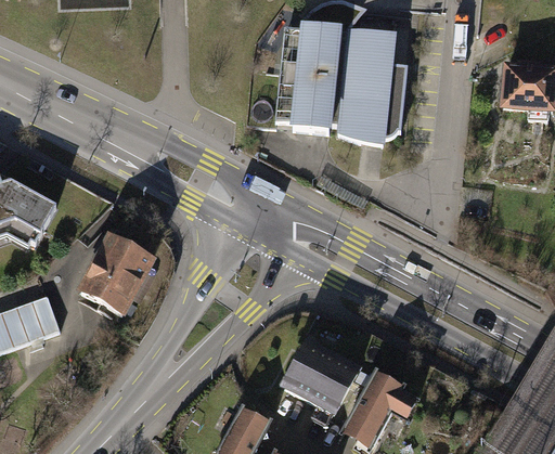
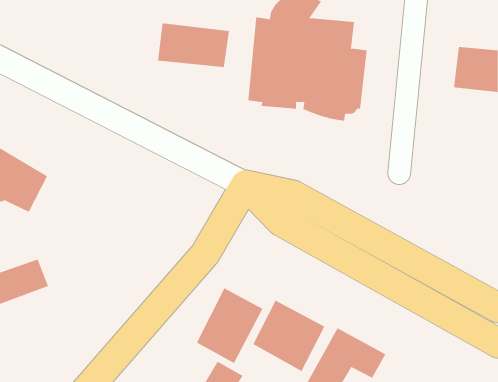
building: none -> [157,23,229,68]
building: [78,235,157,321] -> none
building: none -> [196,288,263,364]

